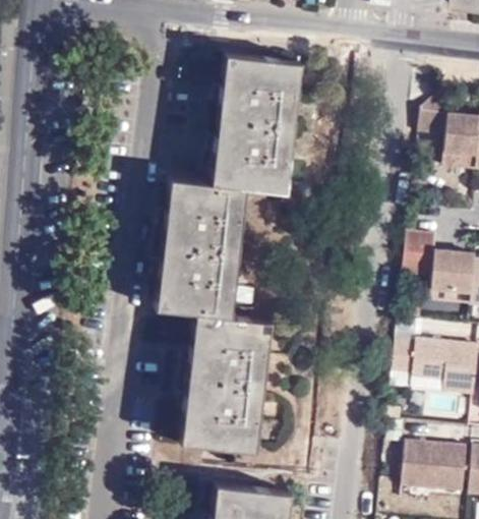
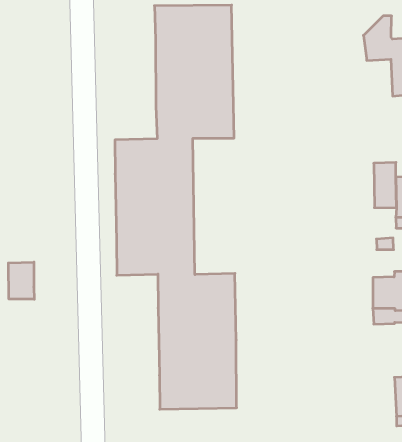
building: none -> [8,262,34,299]

